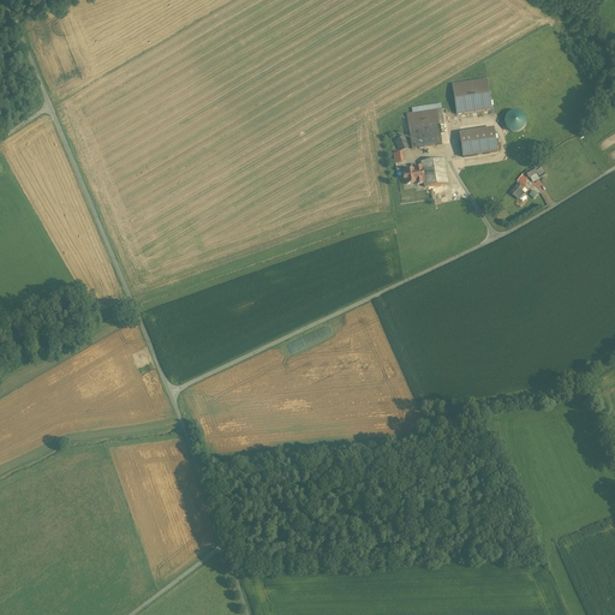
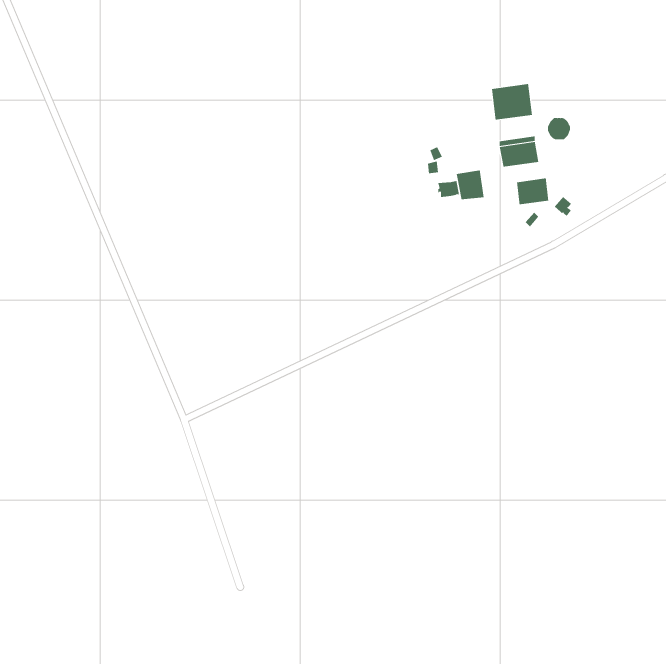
building: [406,107,441,145] -> none
building: none -> [517,178,549,205]

